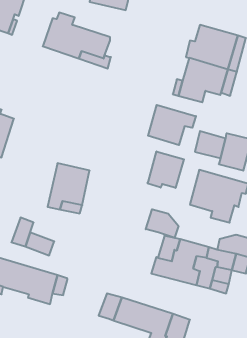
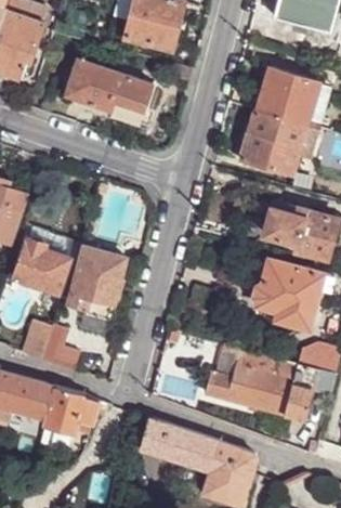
building: [148,105,196,145] -> none
building: [148,151,184,188] -> none
building: none -> [14,236,69,295]
building: [146,209,178,238] -> none

